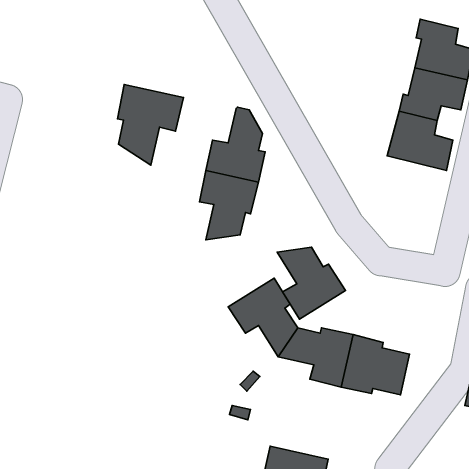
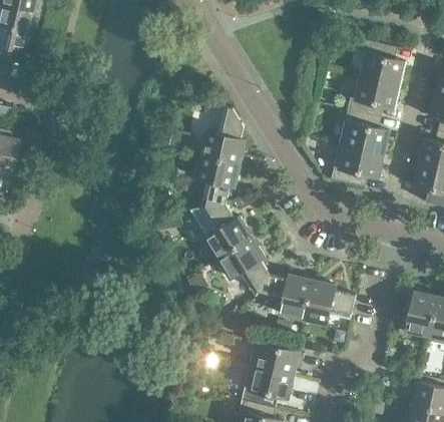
building: [117,84,183,165] -> none
building: none -> [331,143,384,186]
building: [277,247,346,319] -> [200,203,253,259]
building: none -> [250,342,304,375]

